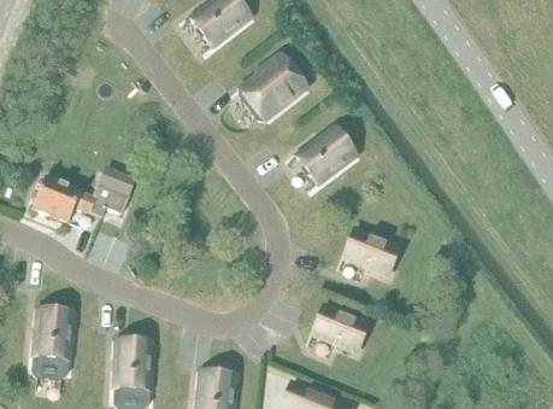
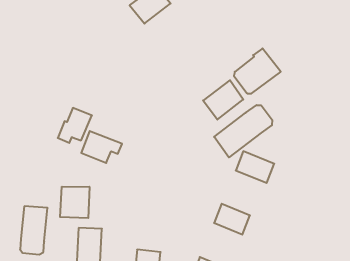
building: [240,53,307,118] -> [234,48,281,93]
building: none -> [214,105,272,157]
building: [35,176,94,222] -> [81,131,122,163]
building: none -> [60,187,89,218]

